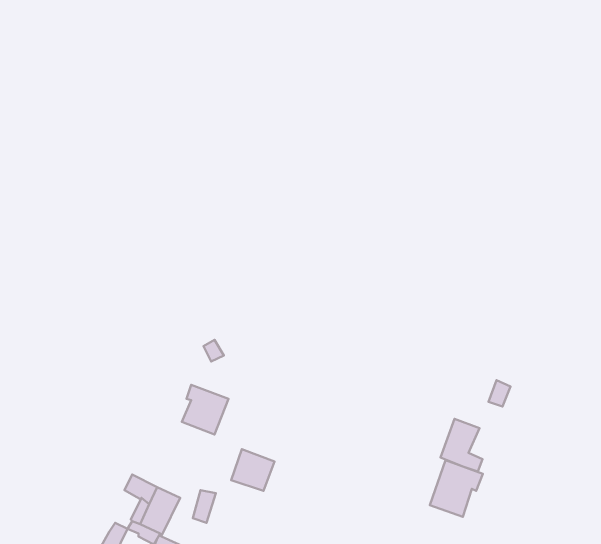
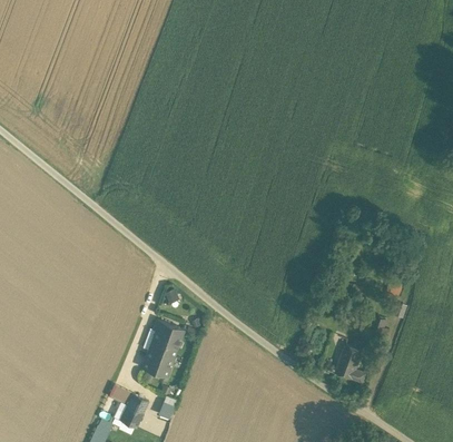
building: [231,449,274,491] -> [144,348,175,379]
building: [430,460,483,517] -> none

